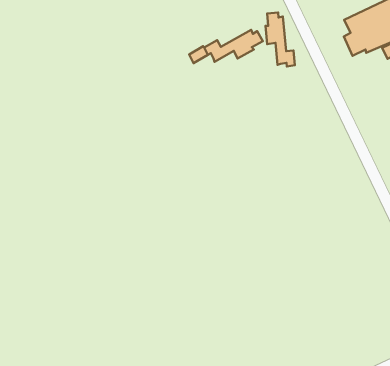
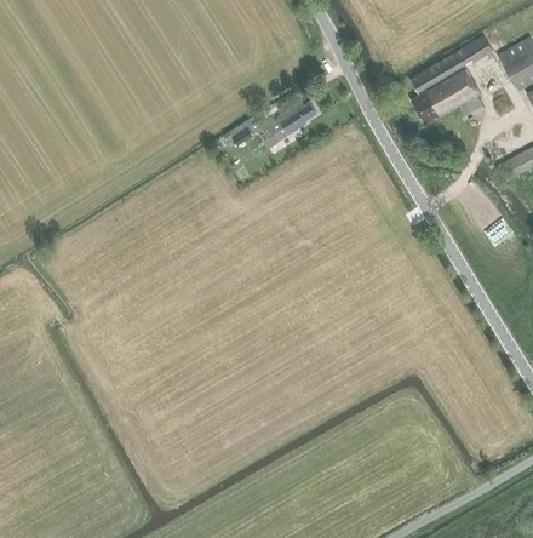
building: [265,12,295,66] -> none

